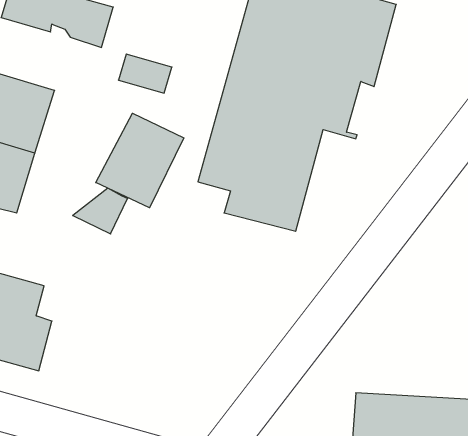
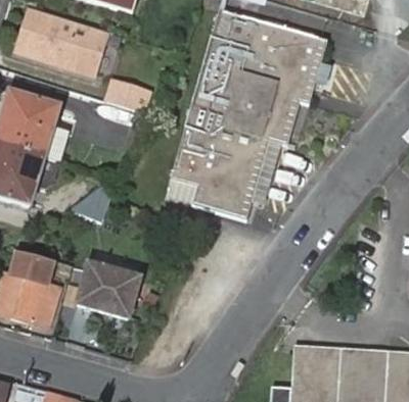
building: [96,113,184,208] -> none
building: none -> [76,261,138,314]

